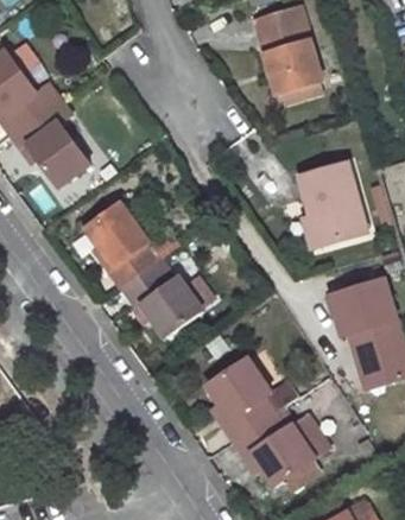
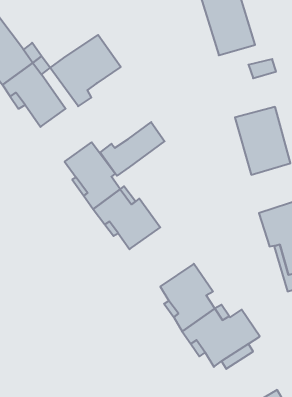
building: none -> [50,35,121,106]
building: none -> [100,122,165,176]

